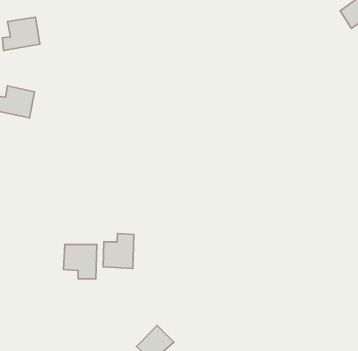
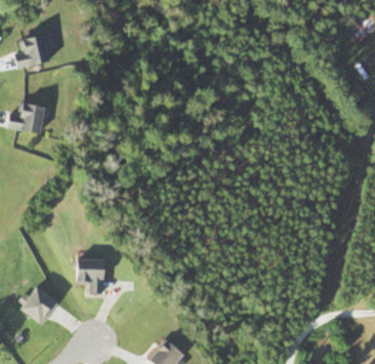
building: [103,233,134,269] -> none
building: none -> [17,285,58,325]

